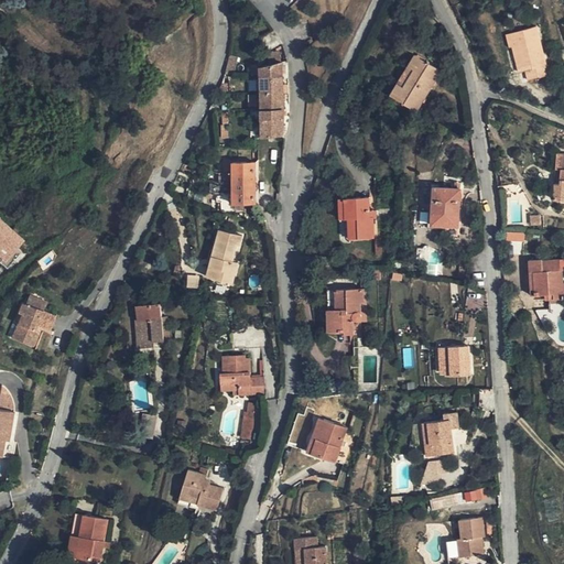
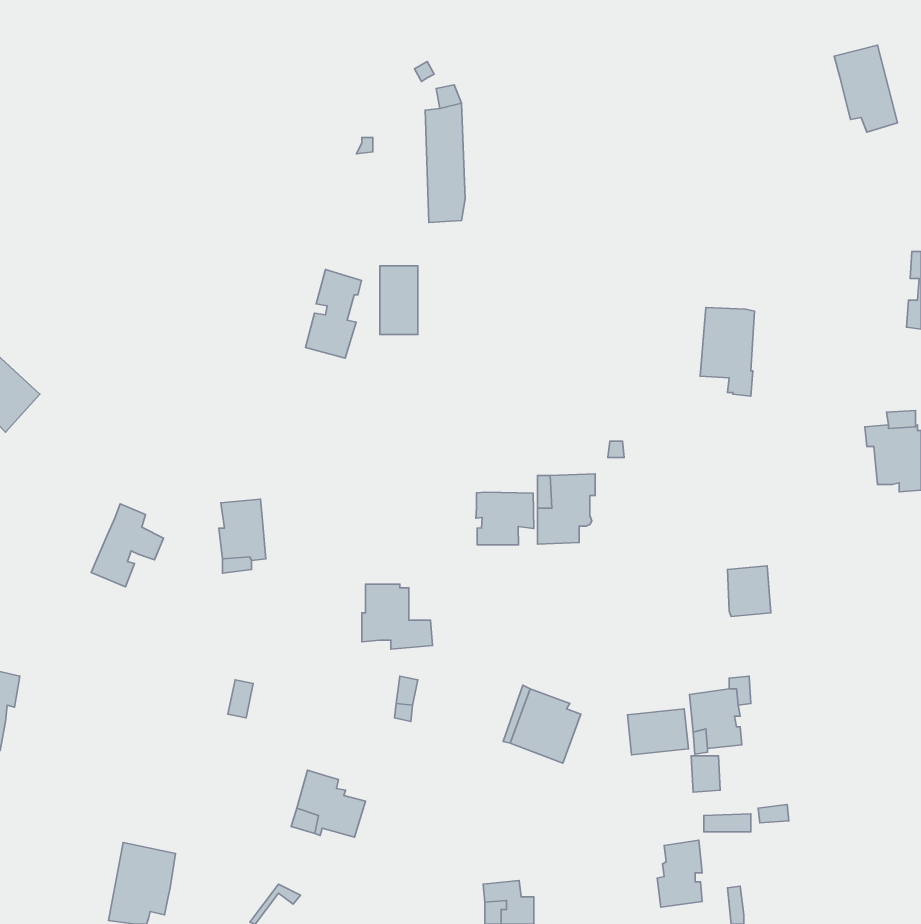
building: [390,55,440,111] -> none
building: [343,197,372,238] -> none
building: [206,230,240,284] -> [305,270,362,358]
building: [11,295,55,346] -> [91,504,164,587]
building: none -> [476,492,534,545]
building: none -> [627,709,688,755]
building: [456,517,484,557] -> [657,840,702,907]

